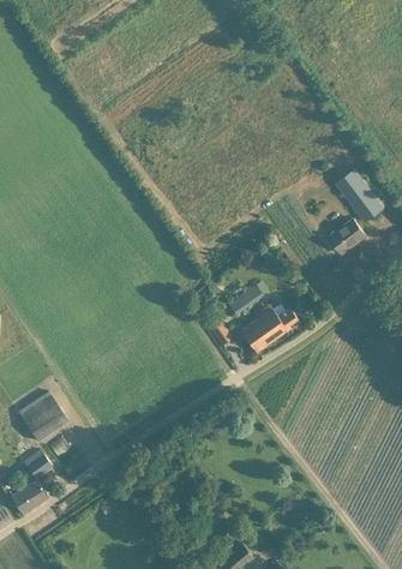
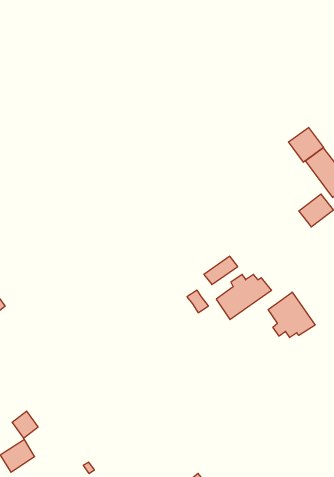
building: none -> [288,127,324,162]
building: none -> [268,292,315,338]
building: [18,391,67,442] -> none

